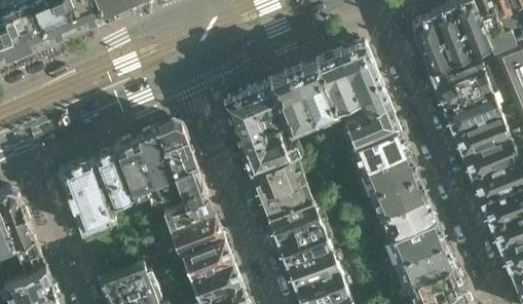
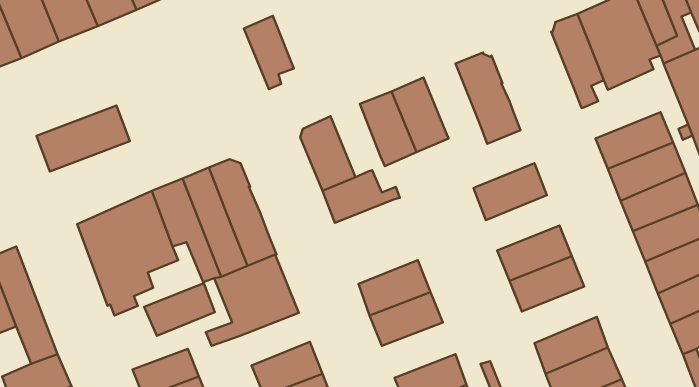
building: [316,55,359,111] -> none
building: [435,69,492,111] -> none
building: [248,85,285,140] -> [244,16,294,89]
building: none -> [37,105,130,172]
building: [345,105,399,147] -> none
building: [363,153,417,194] -> none
building: [251,156,312,219] -> none
building: [389,221,445,263] -> none
building: [180,240,232,279] -> [144,283,215,336]
building: [286,248,340,289] -> none

